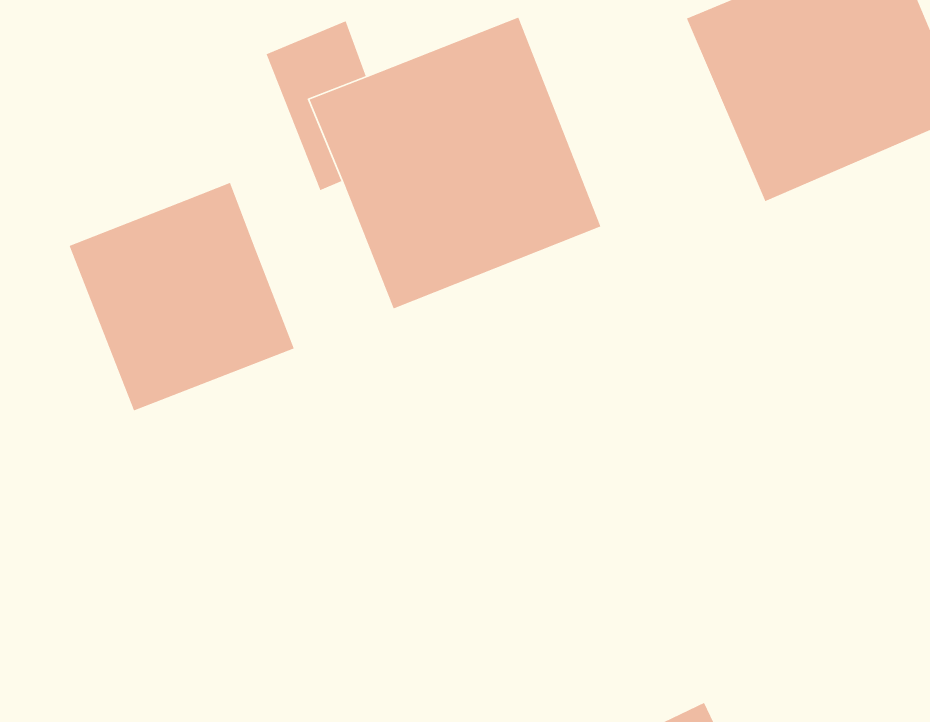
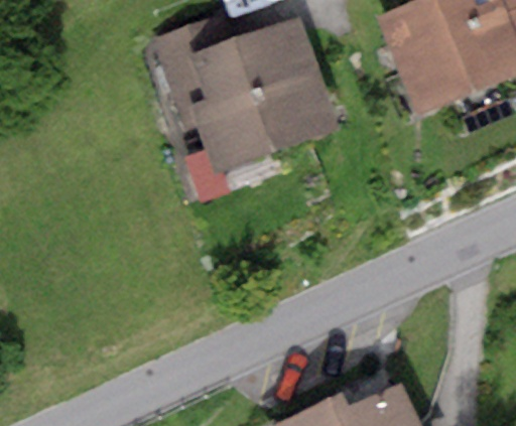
building: [68,182,295,411] -> none

